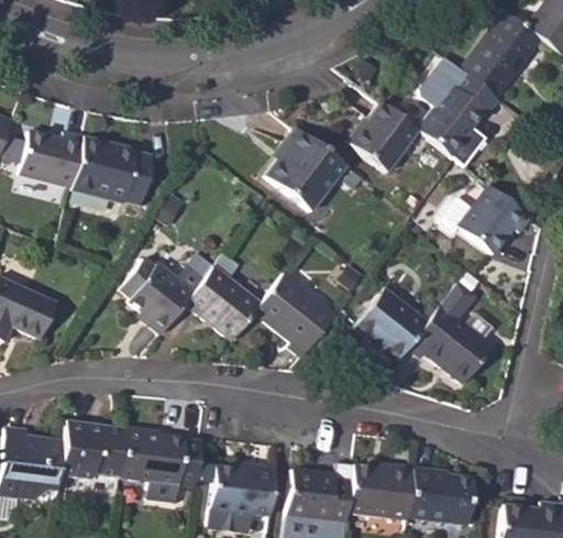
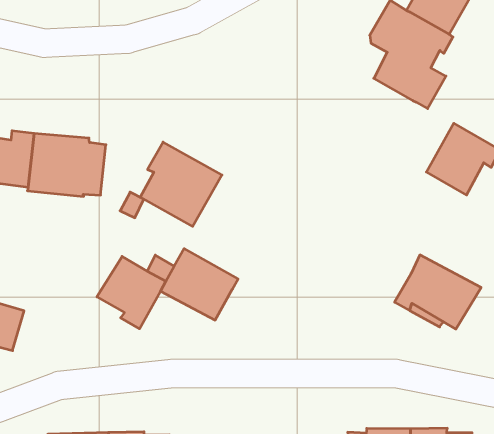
building: [344,99,421,172] -> none
building: [265,124,346,209] -> [140,142,222,226]
building: [257,270,341,354] -> none
building: [358,287,430,358] -> none

